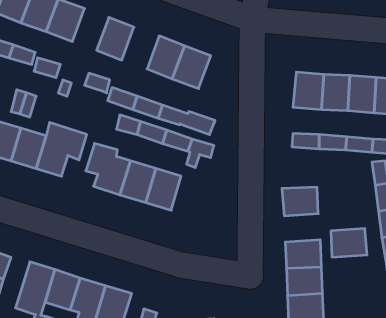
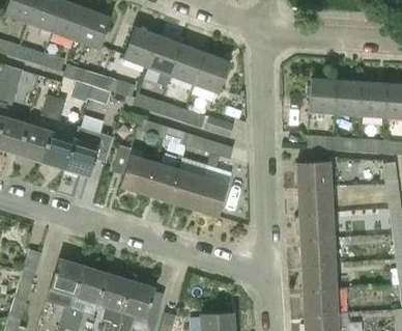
building: none -> [146,35,181,75]
building: none -> [296,161,331,188]
building: none -> [193,176,227,216]
building: [331,229,367,257] -> [299,212,334,239]

